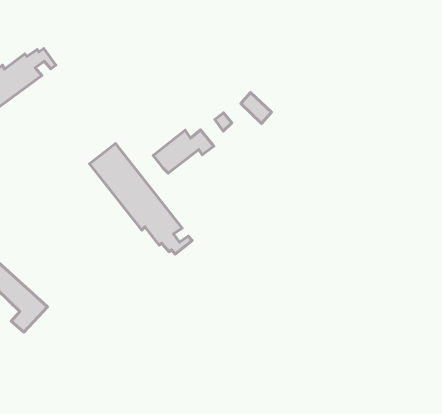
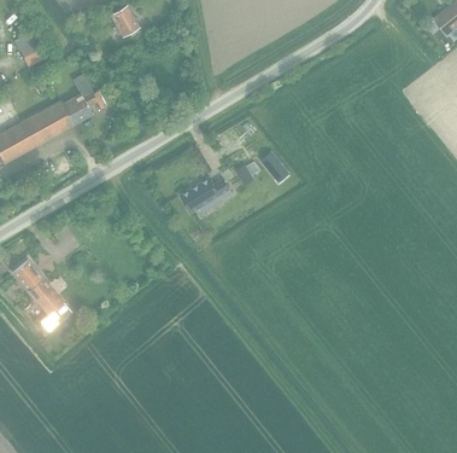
building: [90,143,192,254] -> none

